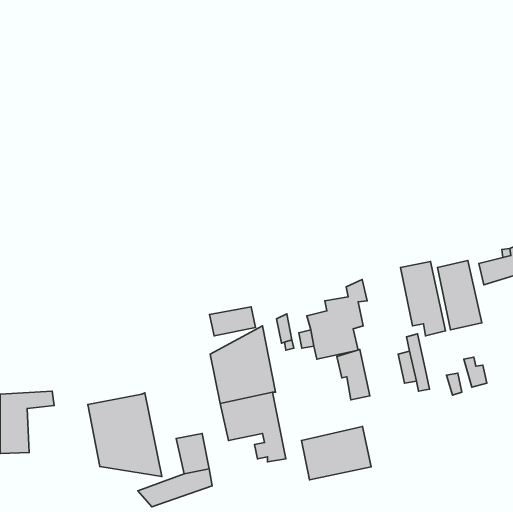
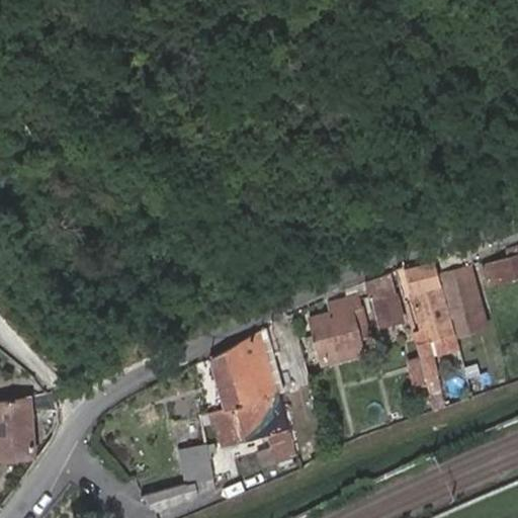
building: [210,307,255,336] -> none
building: [337,350,370,400] -> [365,276,399,327]
building: [88,393,162,477] -> none
building: [301,426,371,480] -> none

